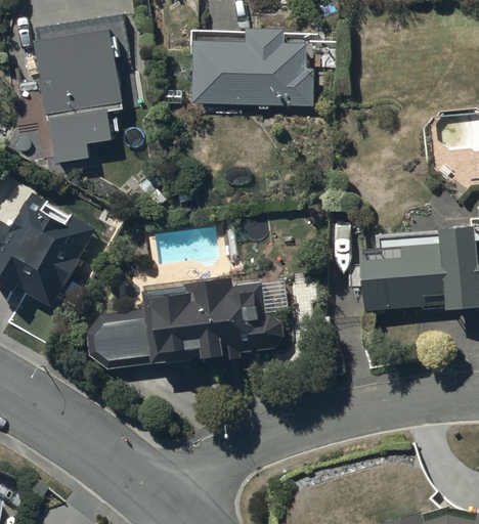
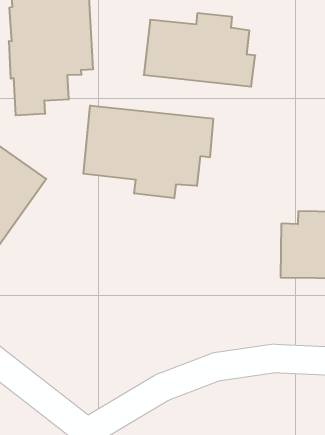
building: none -> [83,105,213,198]
building: [87,280,284,367] -> none

